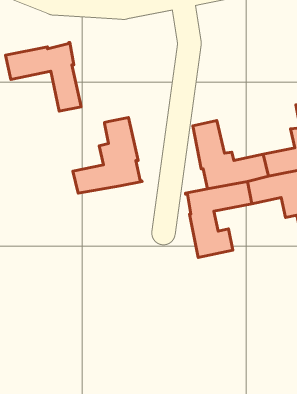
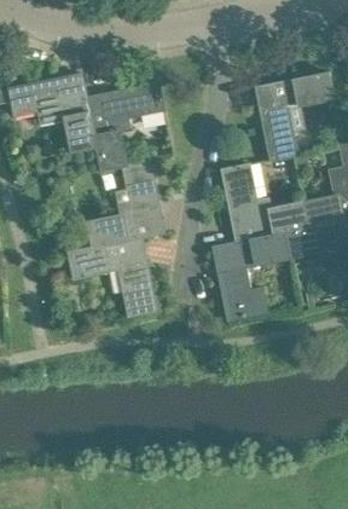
building: none -> [256,71,336,160]
building: none -> [83,81,163,170]
building: none -> [66,237,155,314]

